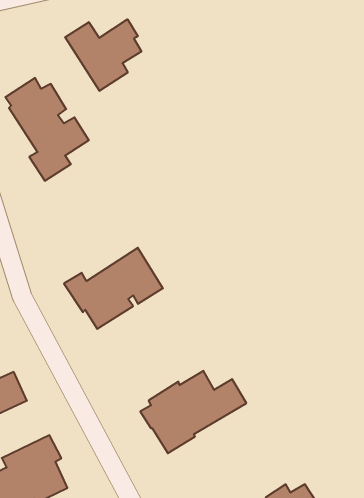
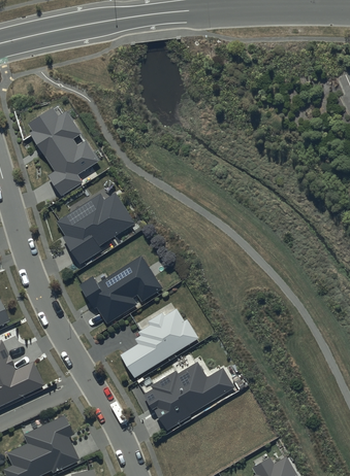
building: [65,19,141,91] -> none
building: none -> [56,192,136,264]
building: none -> [120,309,198,377]

